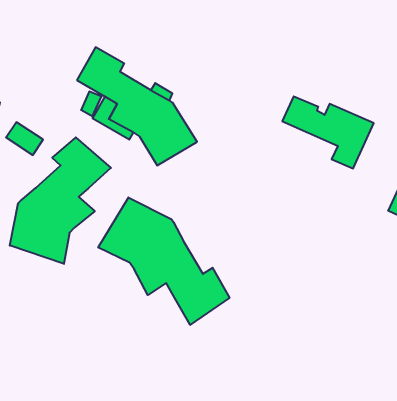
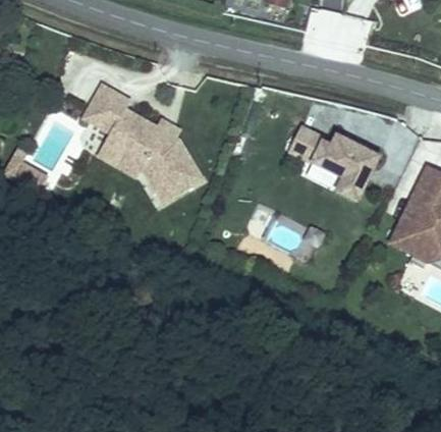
building: [10,137,111,264] -> none
building: [98,197,229,325] -> none

